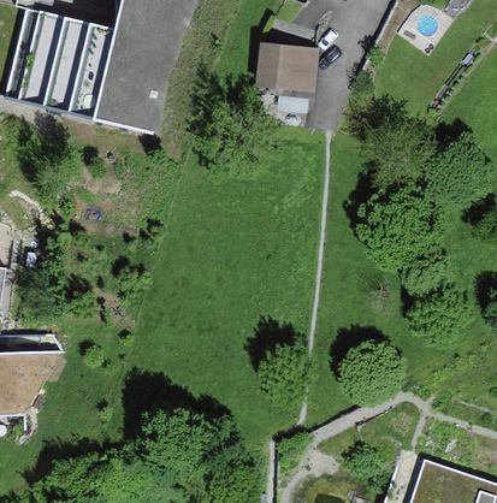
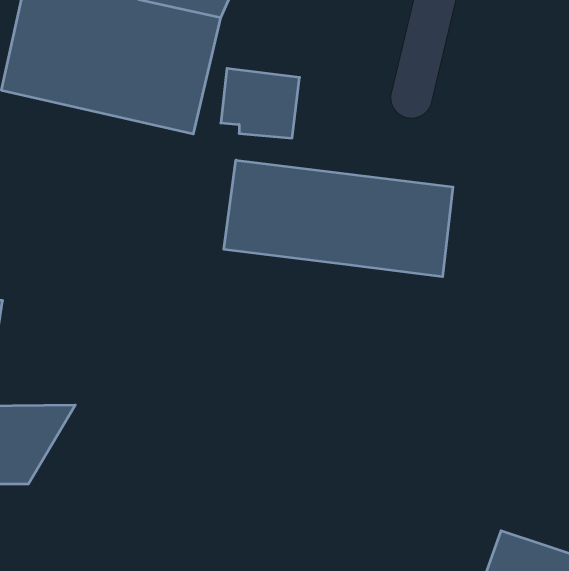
building: [256,42,319,97] -> [221,68,300,138]
building: none -> [224,160,453,277]

